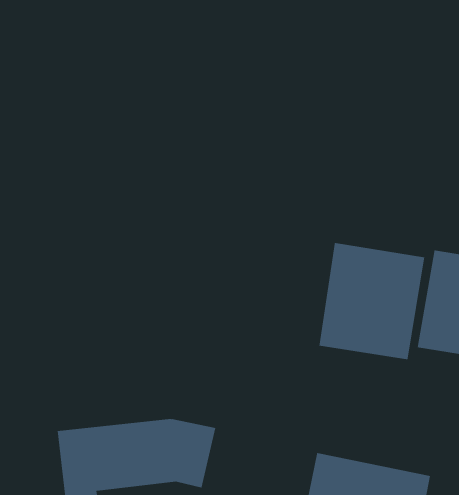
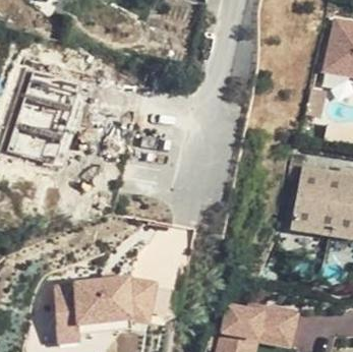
building: [319,242,425,360] -> none

